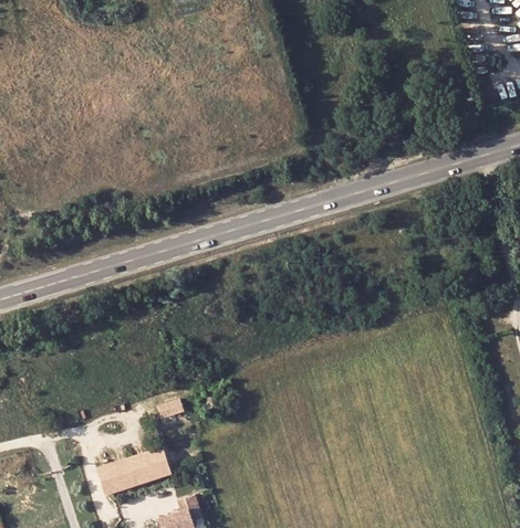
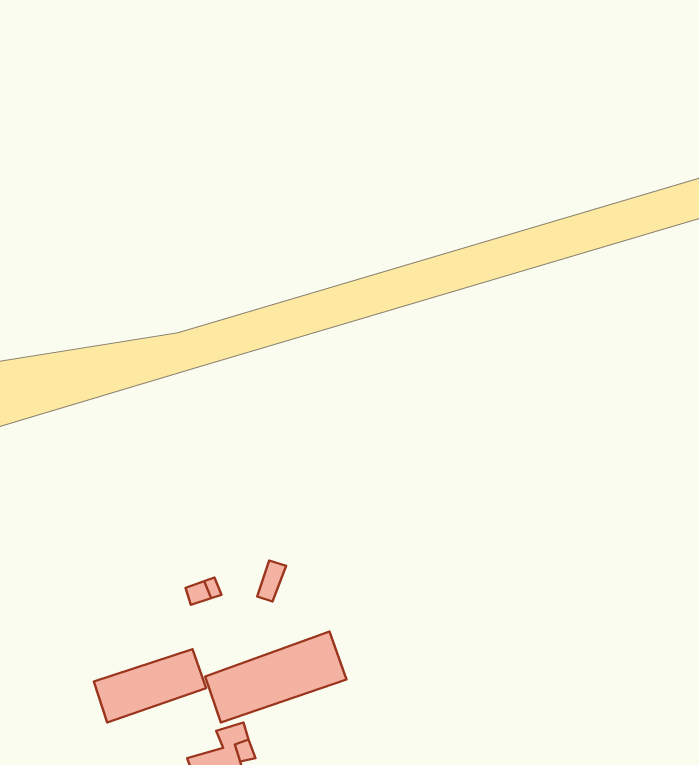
building: none -> [205,632,346,723]

